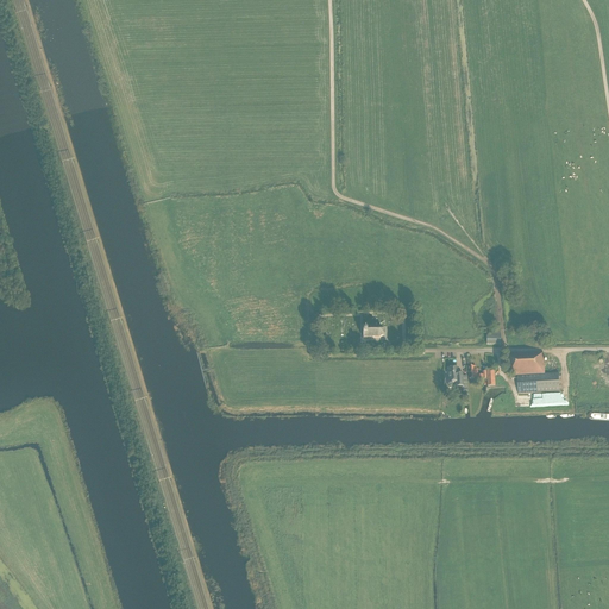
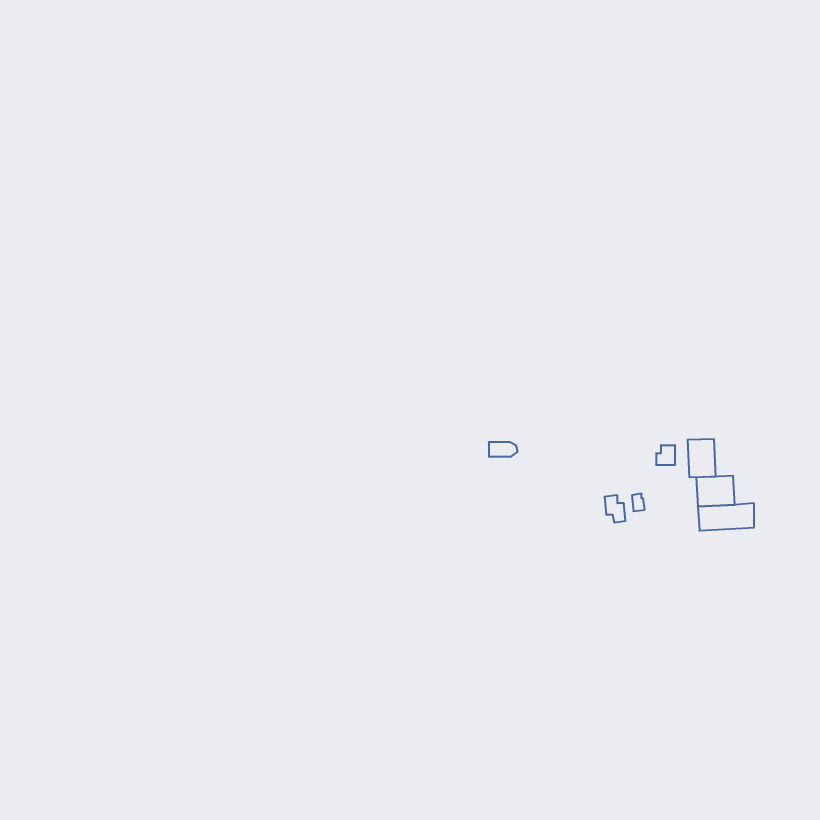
building: none -> [688,439,716,477]

